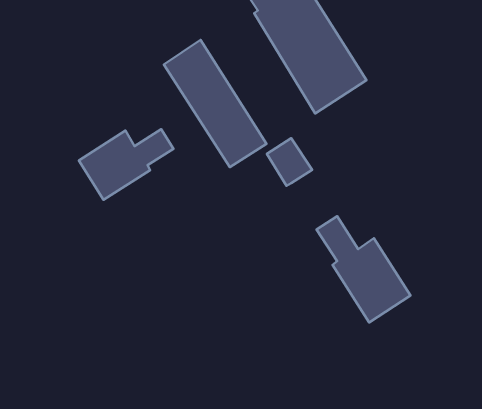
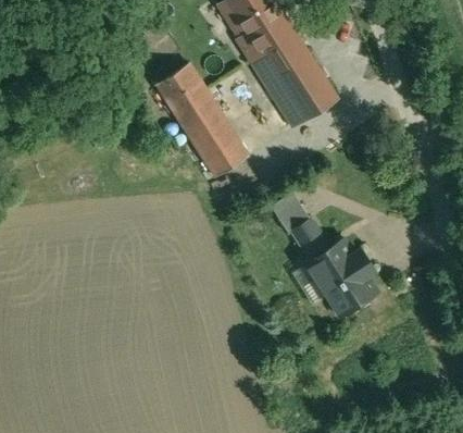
building: [79,129,174,200] -> none
building: [267,138,312,186] -> [271,191,311,234]

